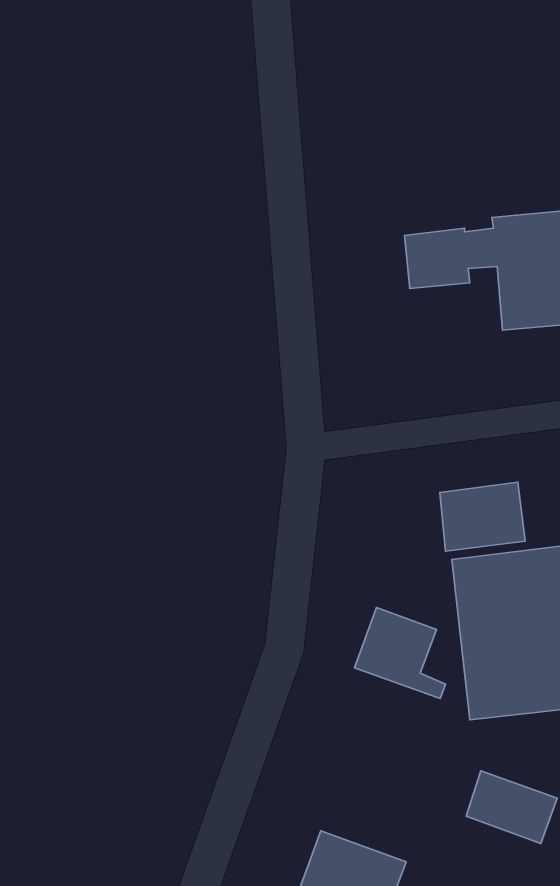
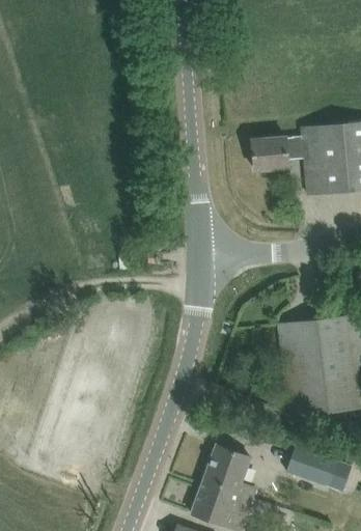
building: [440,482,525,551] -> none
building: [355,608,446,699] -> [203,445,255,497]

